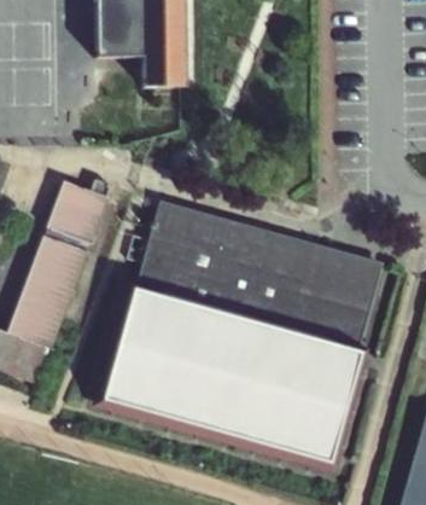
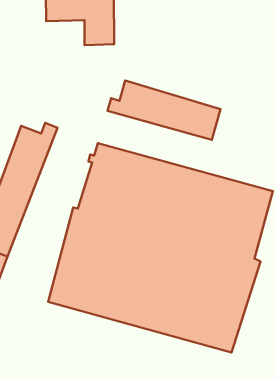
building: none -> [108,81,221,140]

